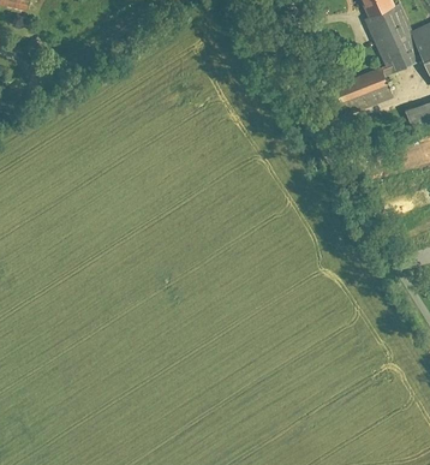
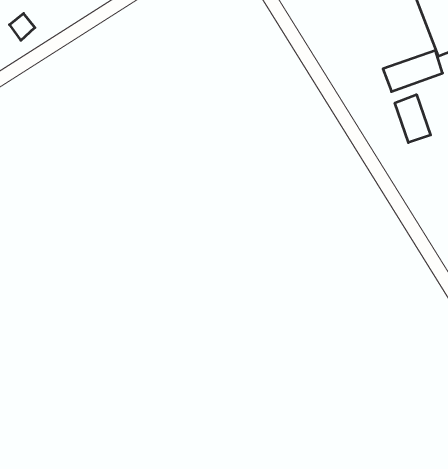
building: none -> [395,95,431,143]

